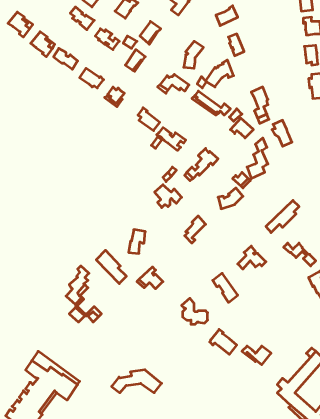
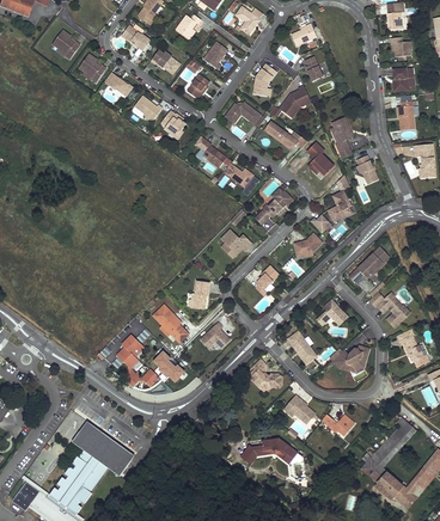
building: none -> [331,344,368,370]
building: none -> [149,348,184,381]
building: [112,370,162,393] -> [240,437,298,464]

